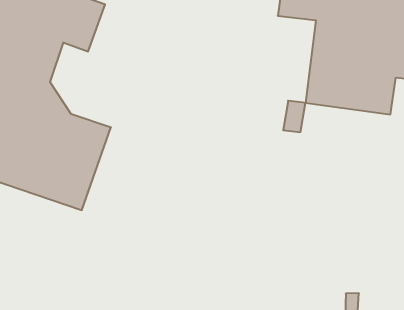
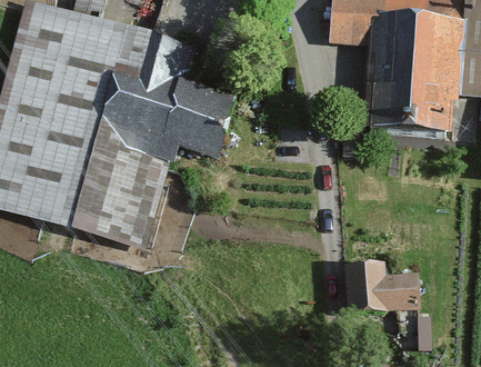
building: none -> [104,36,238,163]
building: none -> [348,266,419,311]

